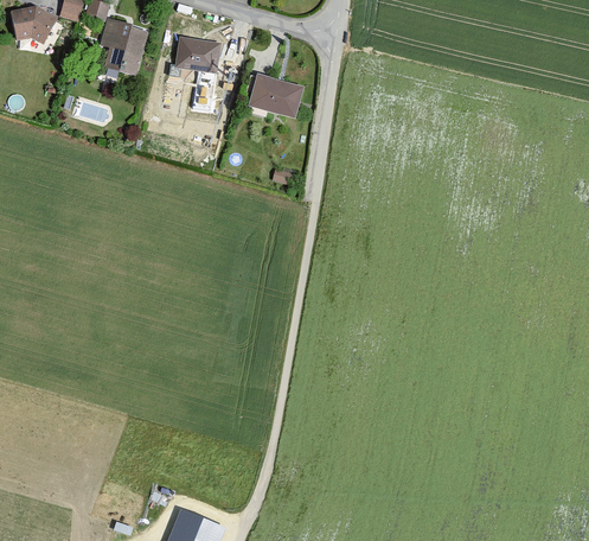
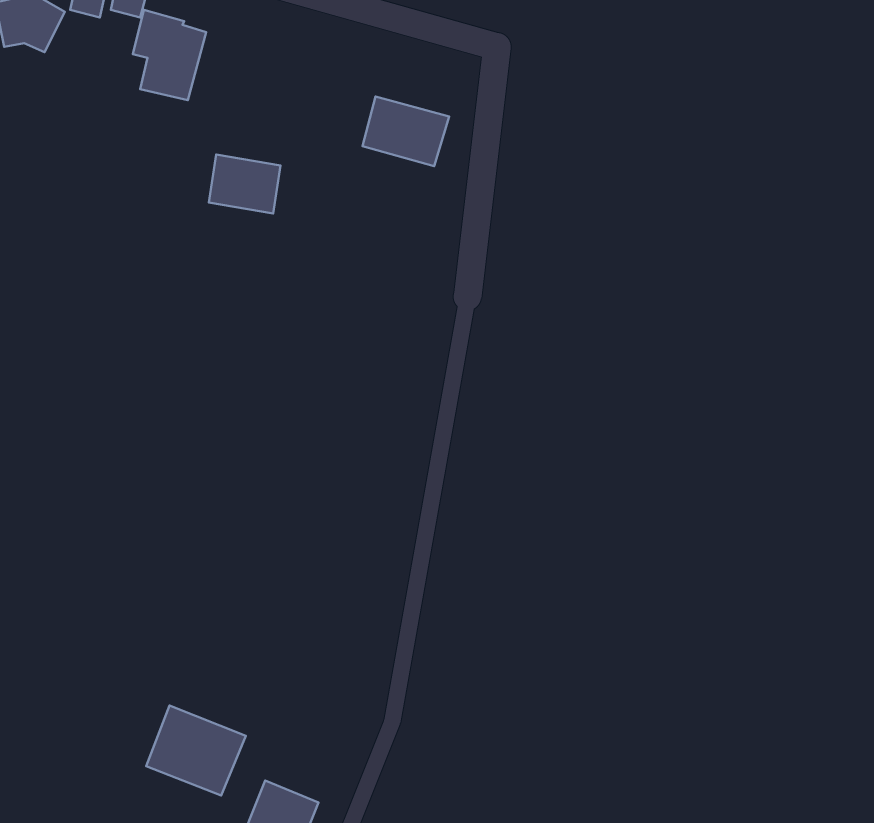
building: [174,34,220,72] -> [209,155,281,213]
building: none -> [146,705,246,795]

